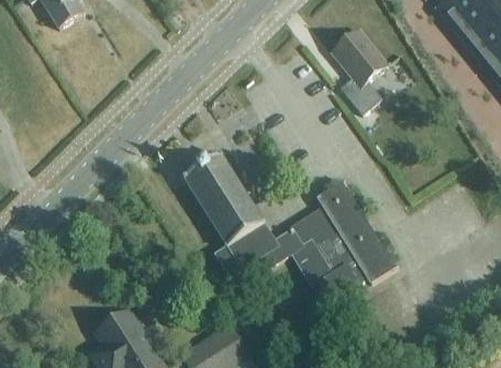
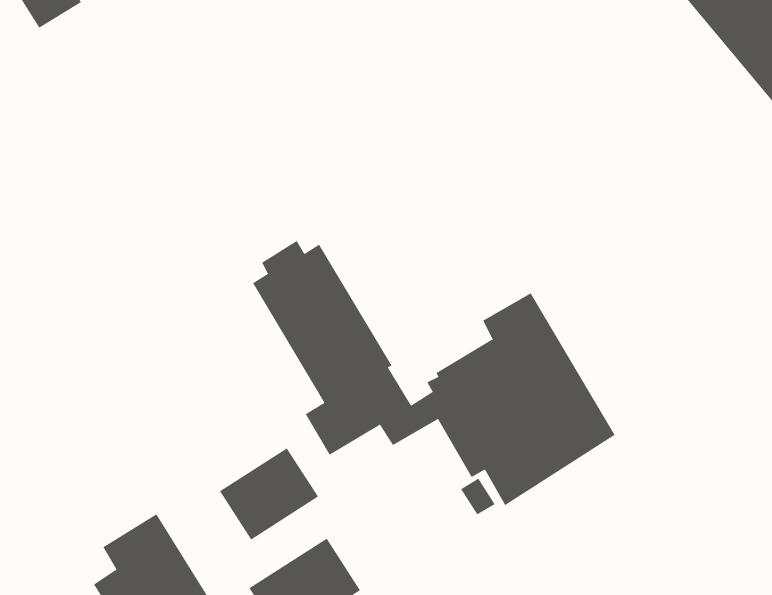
building: [332,27,388,112] -> none
building: none -> [219,447,319,540]

